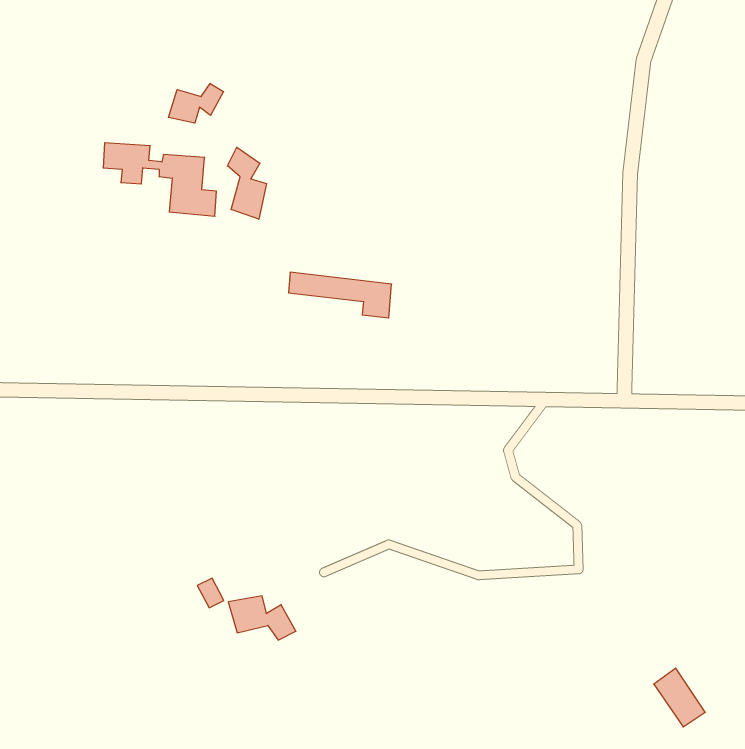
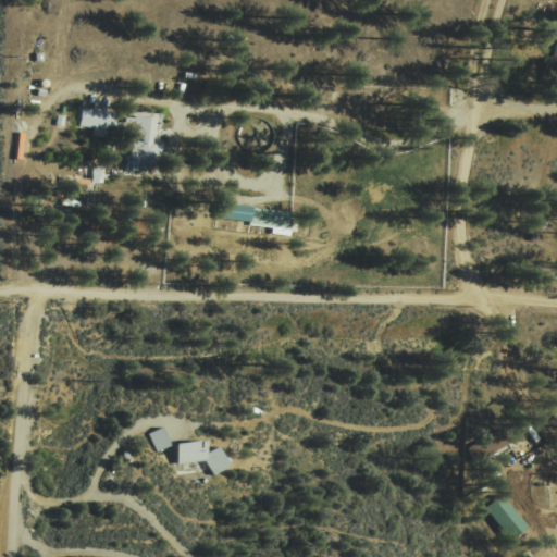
building: [168,83,224,123] -> none
building: [227,147,267,219] -> none

